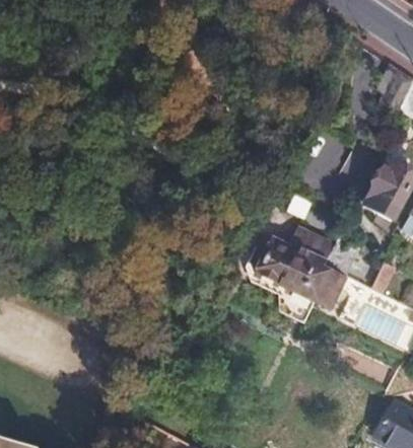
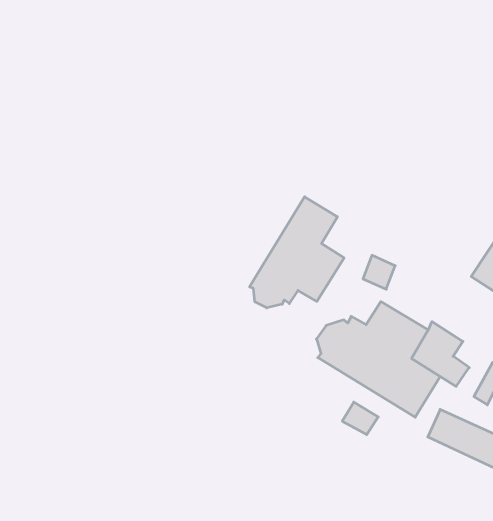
building: none -> [250,197,344,308]

